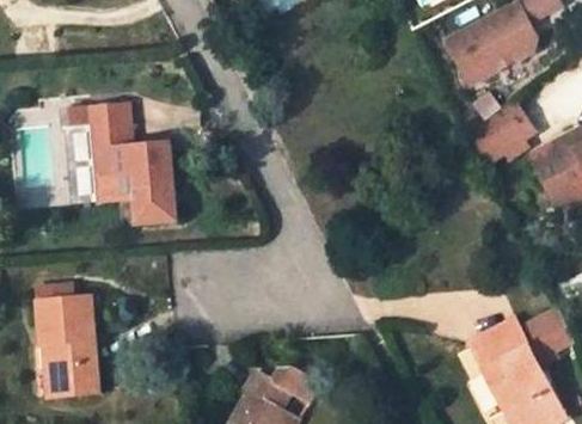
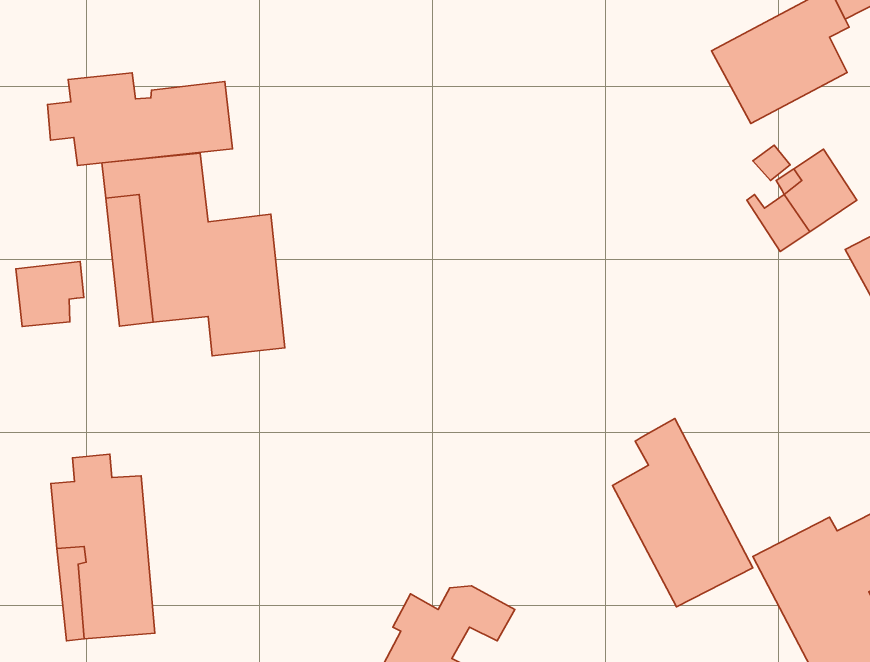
building: none -> [47,73,232,166]
building: none -> [16,261,84,327]
building: none -> [613,419,753,607]

